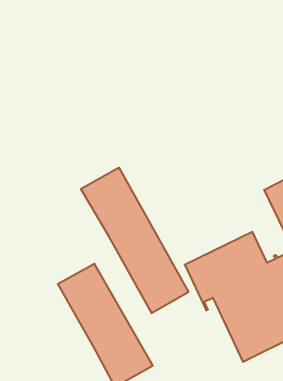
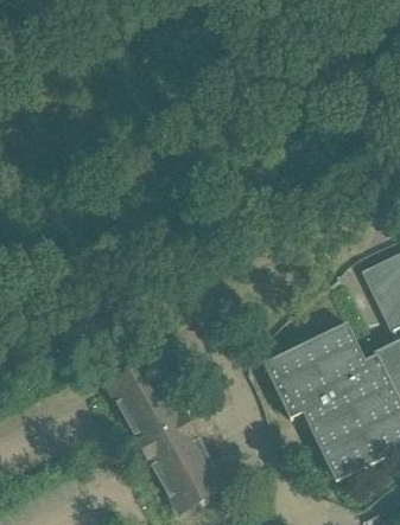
building: [81,168,188,313] -> none

